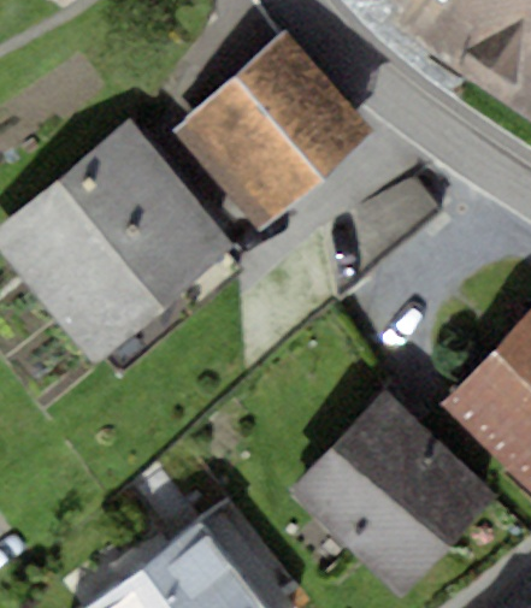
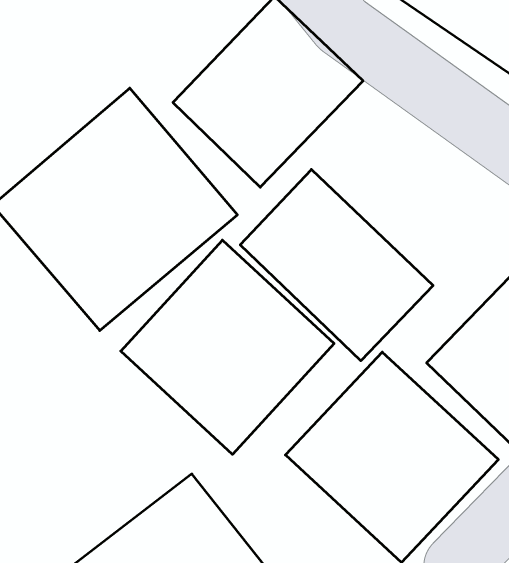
building: none -> [240,169,433,361]
building: none -> [121,240,334,454]

